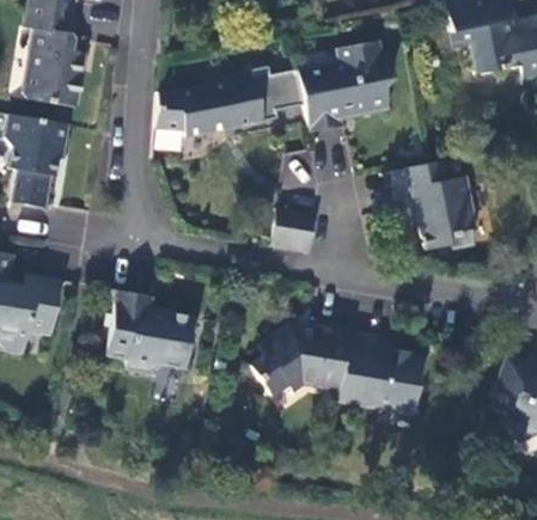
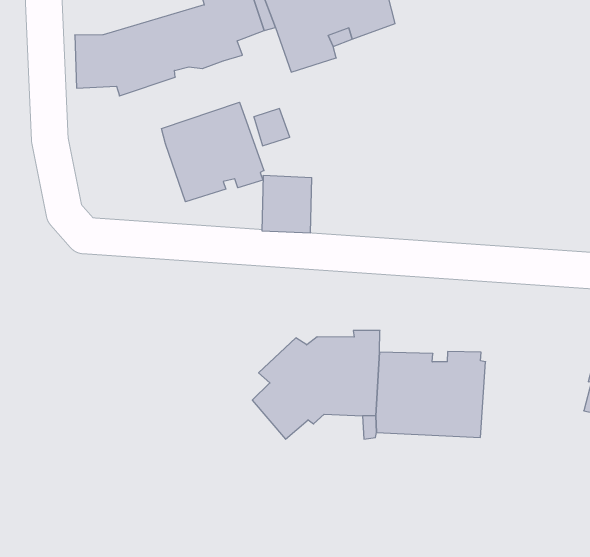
building: none -> [162,102,264,202]
building: [390,159,475,247] -> none
building: [108,287,196,377] -> none

